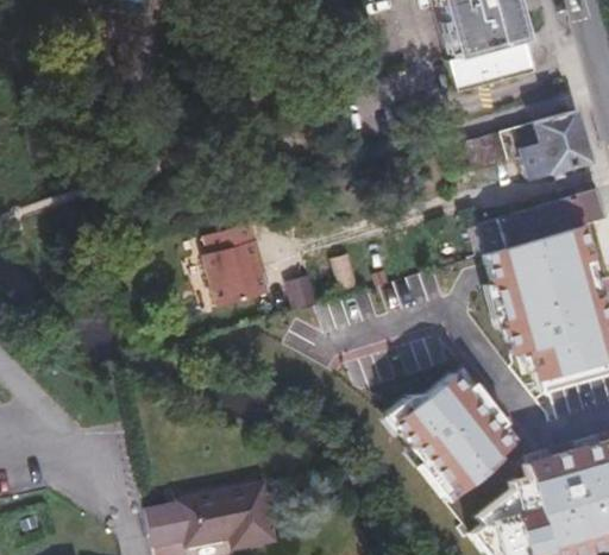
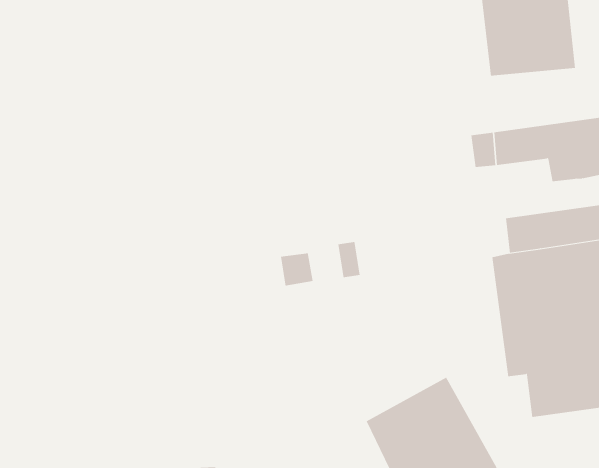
building: [207,222,270,307] -> none

